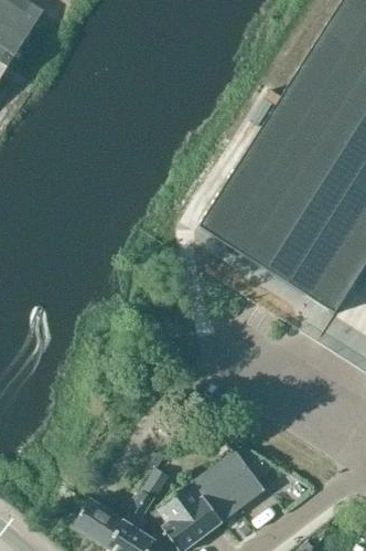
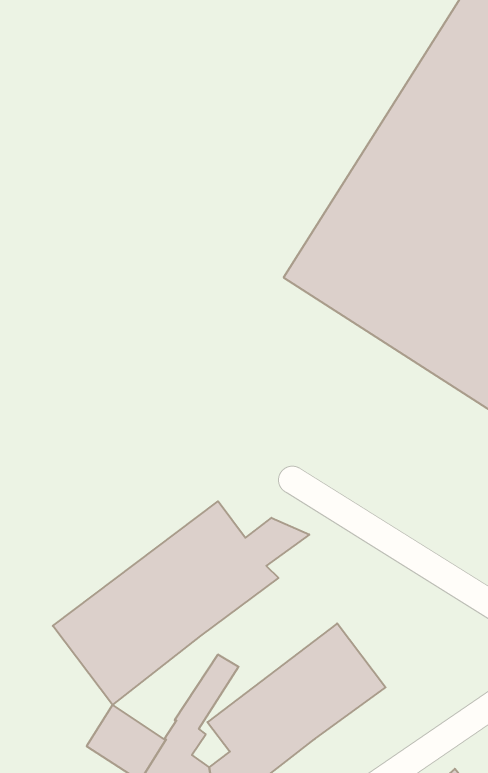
building: none -> [53,501,309,705]

